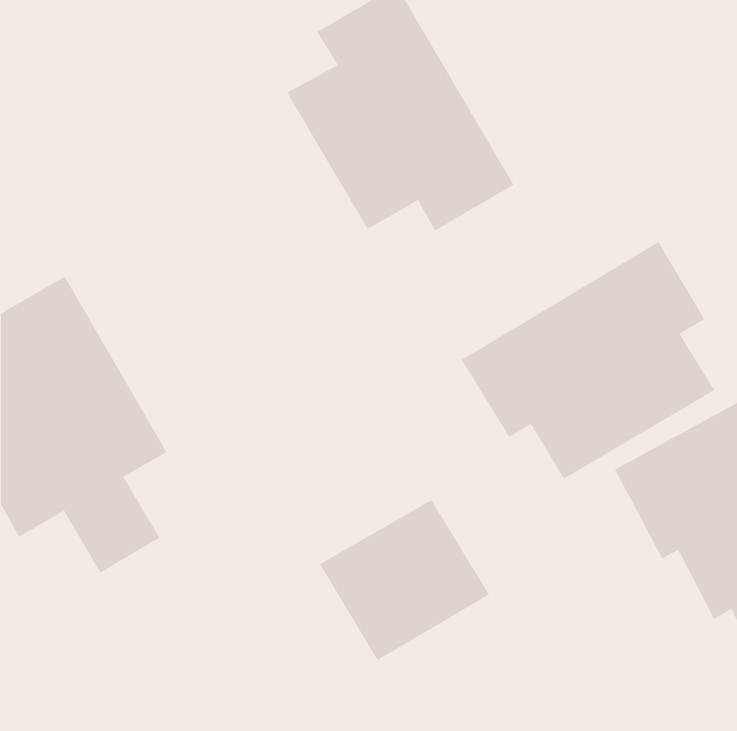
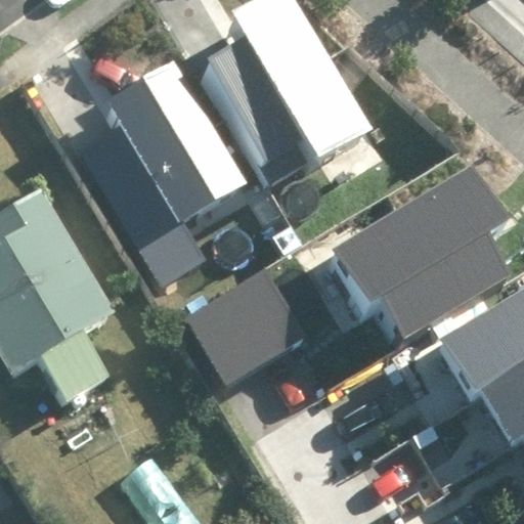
building: none -> [79,62,245,279]
building: [319,499,490,661] -> [179,267,300,382]

